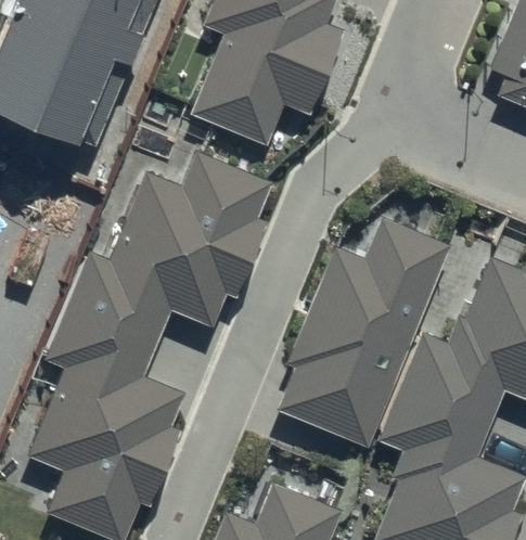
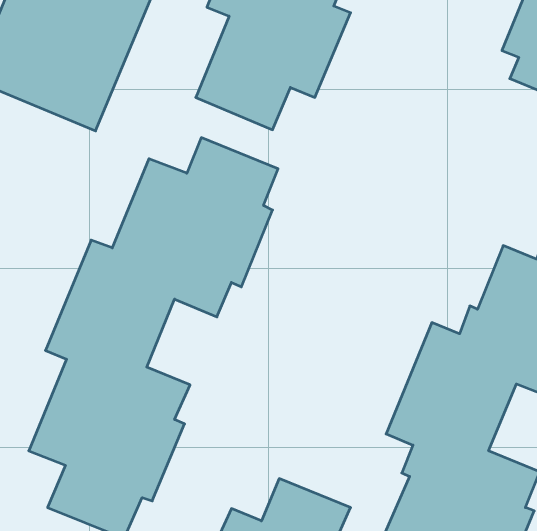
building: [277,218,450,447] -> none

